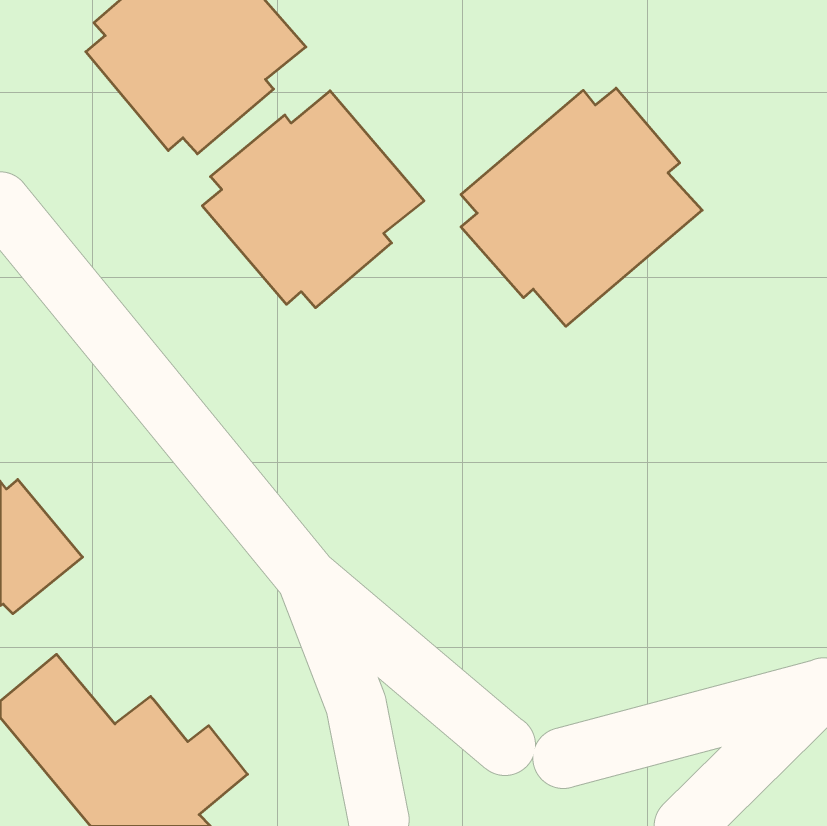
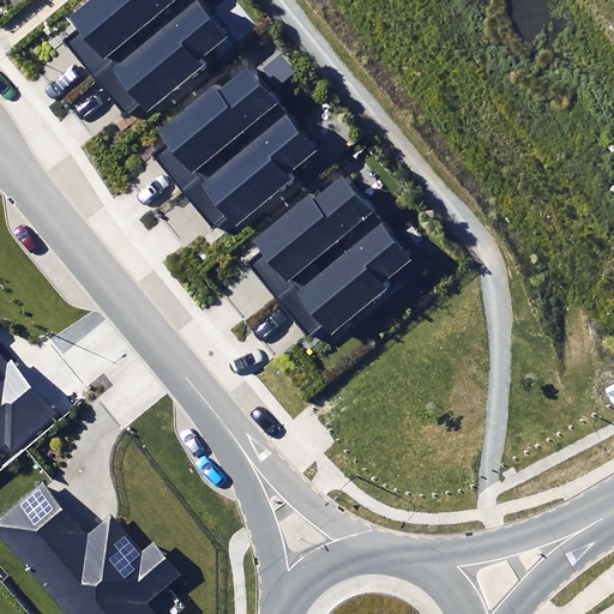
building: [461,88,702,326] -> none
building: none -> [248,176,411,337]

